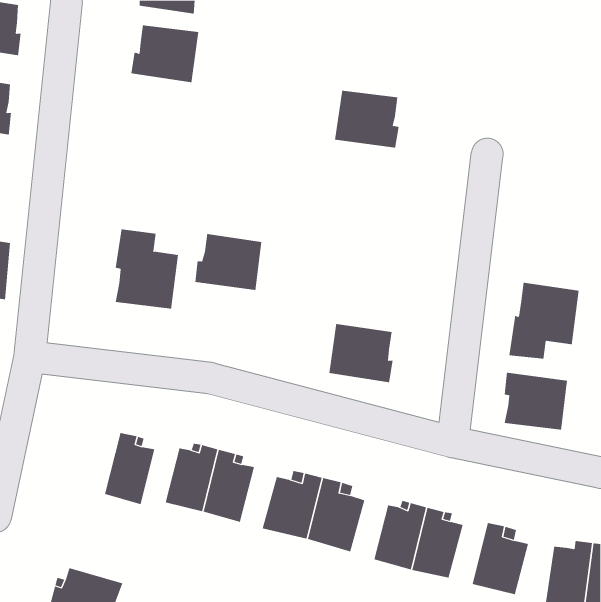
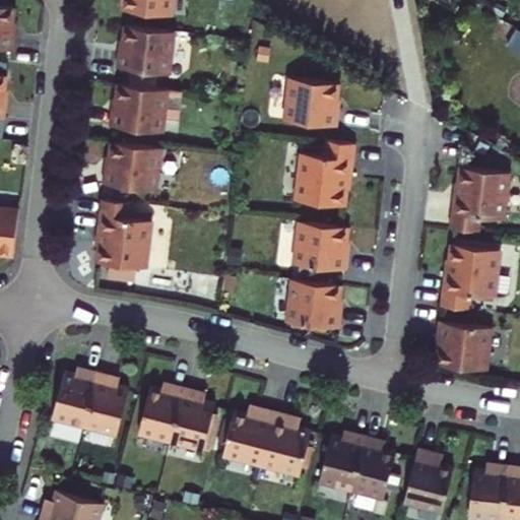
building: none -> [107,83,166,133]
building: none -> [297,144,356,209]
building: none -> [446,168,506,234]
building: [195,234,262,290] -> [103,141,160,190]
building: none -> [294,224,348,274]
building: none -> [56,370,103,427]

